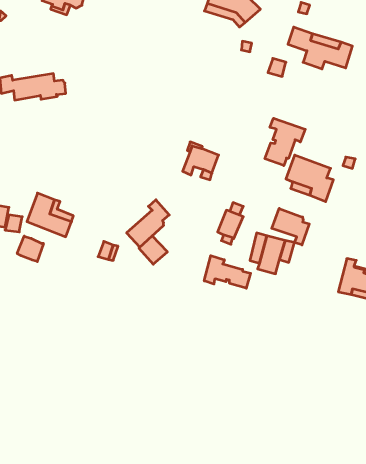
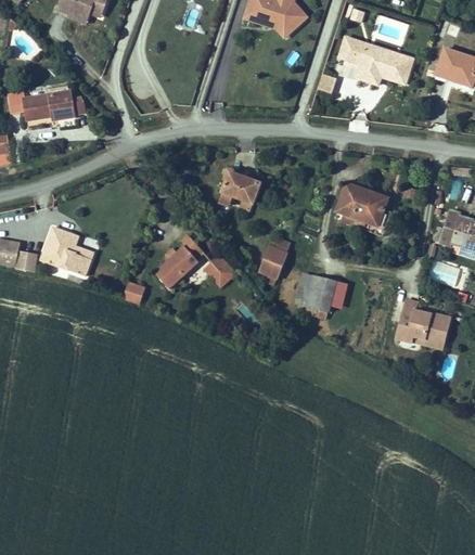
building: [265,118,305,166] -> none
building: [272,208,309,245] -> none
building: [139,236,167,264] -> [204,254,236,286]
building: [17,236,43,262] -> none
building: [204,256,251,288] -> none

